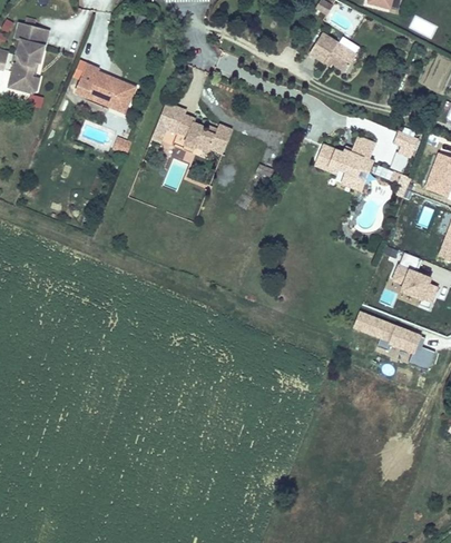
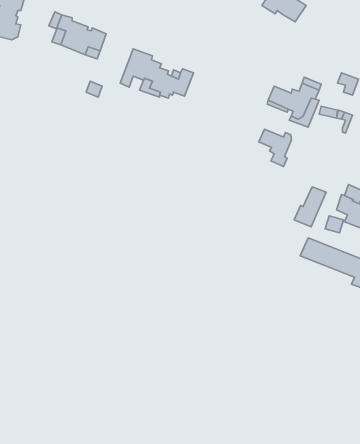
building: none -> [259,129,291,166]
building: none -> [294,187,326,227]

